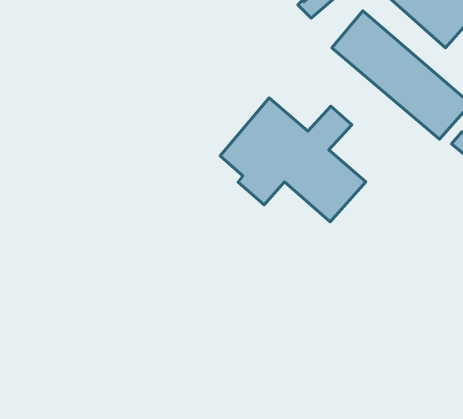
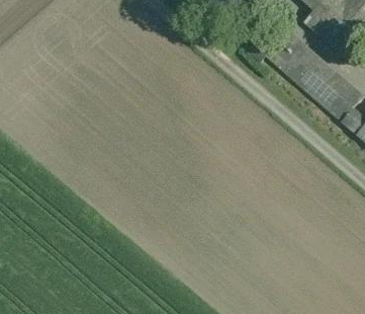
building: [220,98,366,222] -> none

